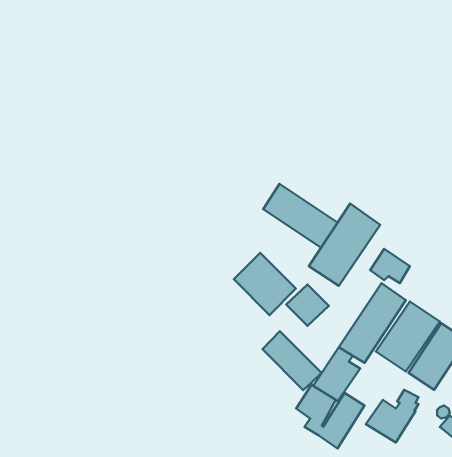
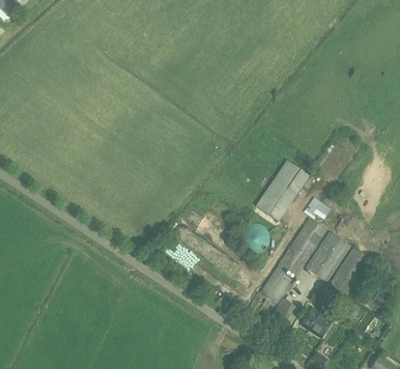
building: [263,184,337,248] -> none
building: [234,253,296,315] -> none
building: [263,331,322,390] -> none

